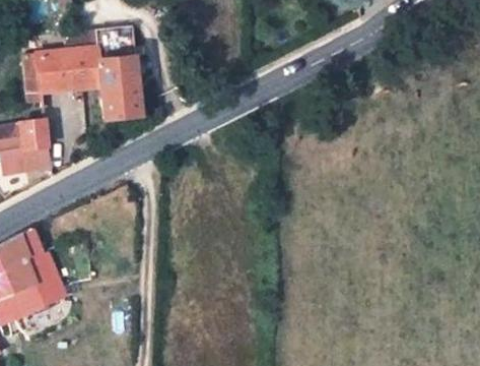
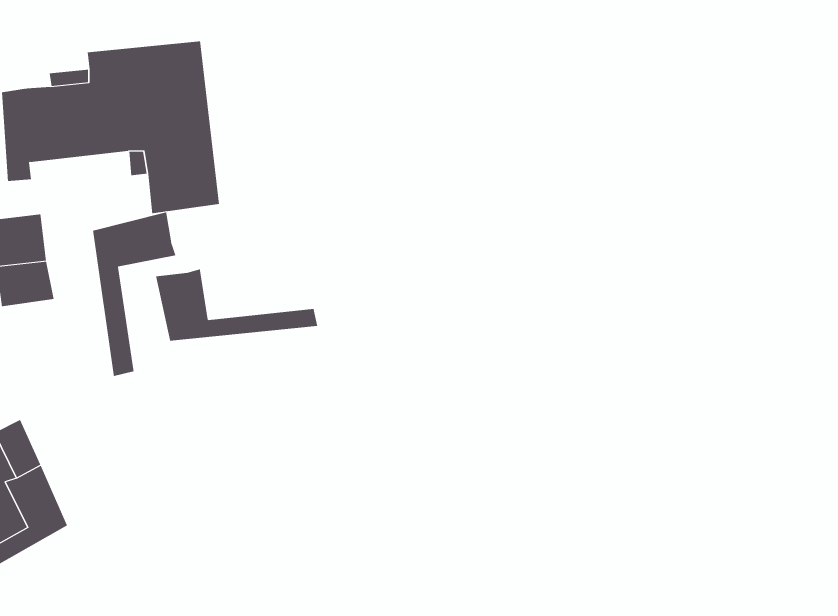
building: none -> [92,212,176,377]
building: none -> [156,269,318,341]

